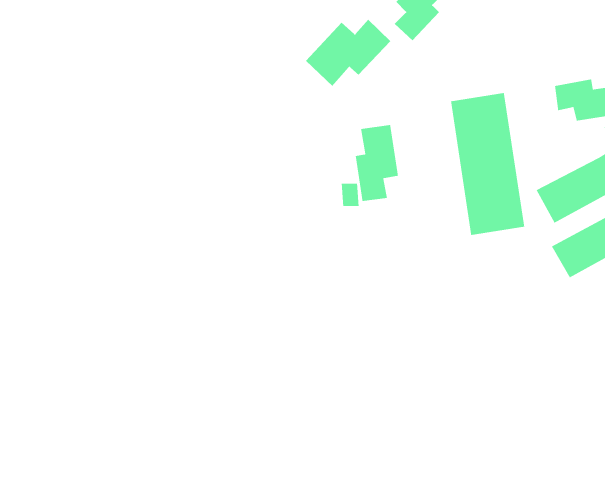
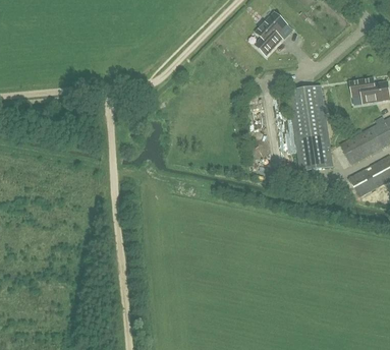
building: [305,19,391,87] -> none
building: [355,124,399,202] -> none

